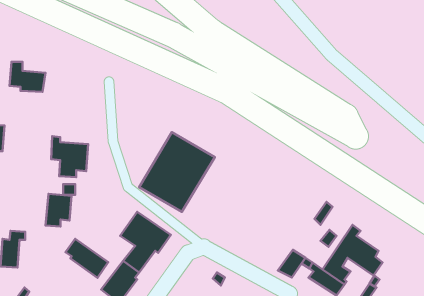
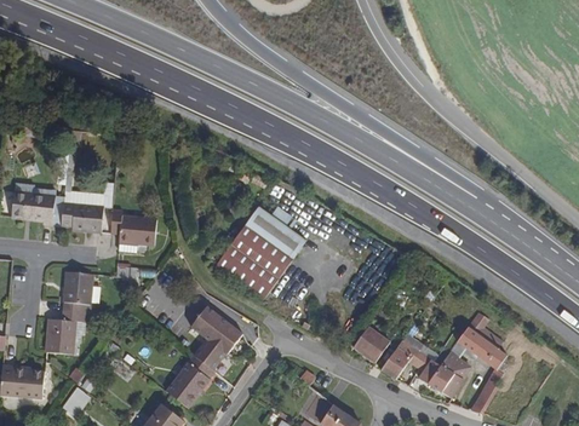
building: [9,62,45,92] -> [58,194,102,230]
building: [45,194,71,227] -> [58,280,90,320]
building: none -> [354,322,391,359]
building: [65,239,108,278] -> none

